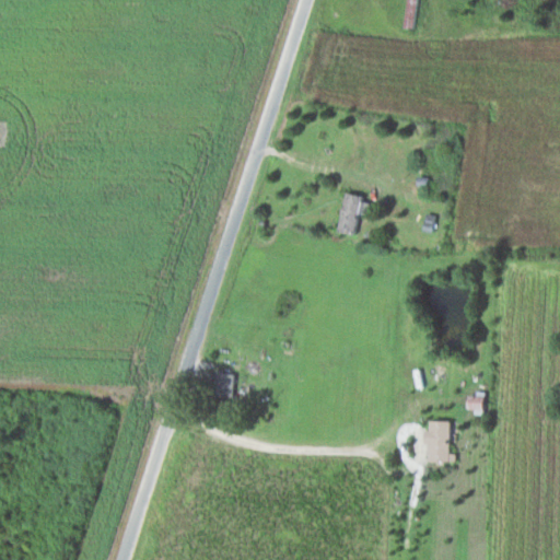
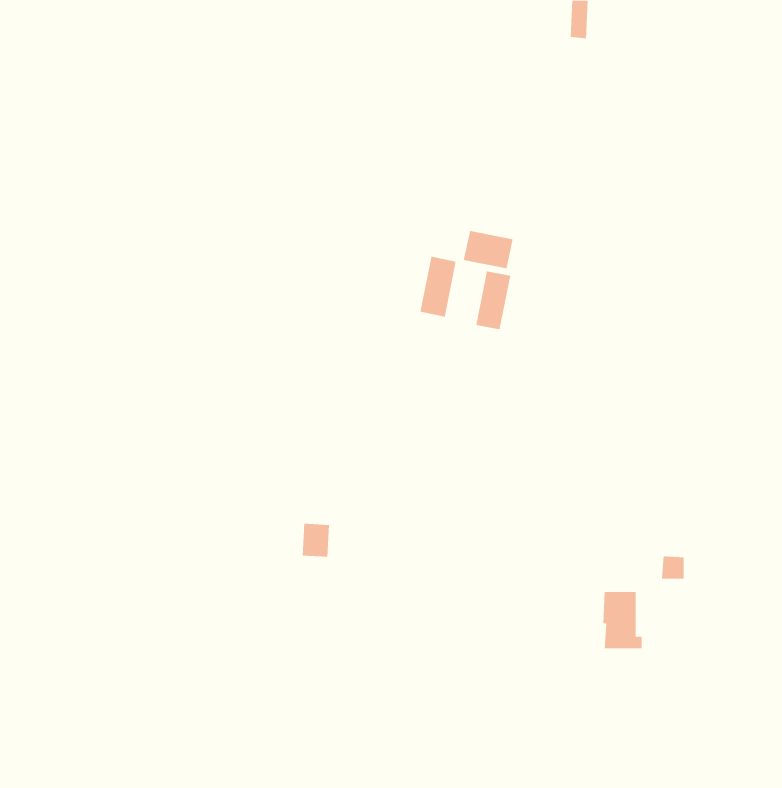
building: none -> [463,230,513,269]
building: none -> [420,256,456,318]

